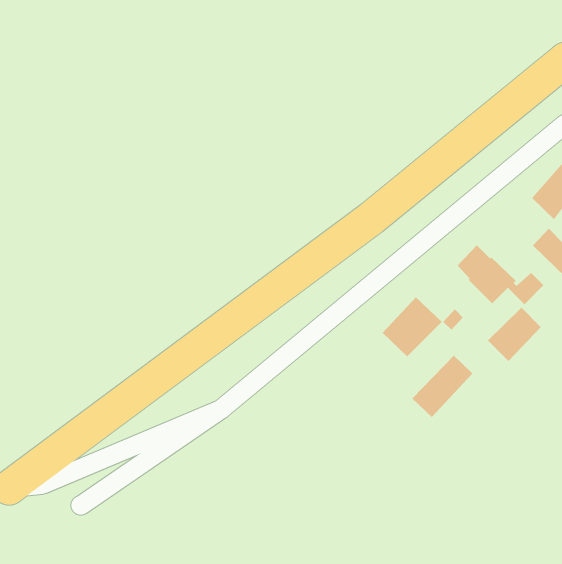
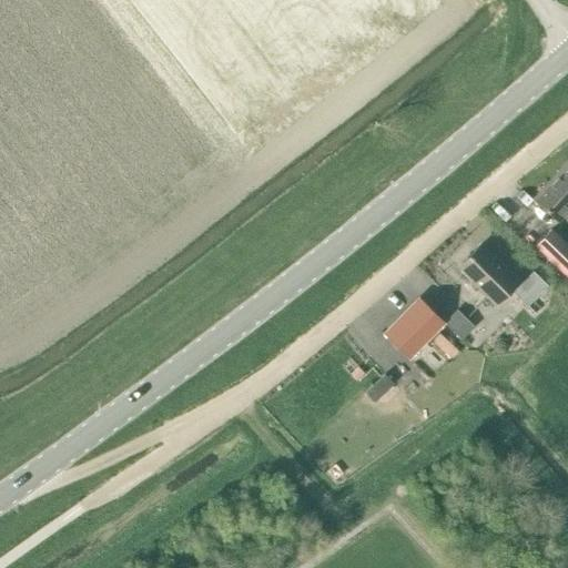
building: [487,307,542,362] -> none
building: [411,355,473,418] -> none

